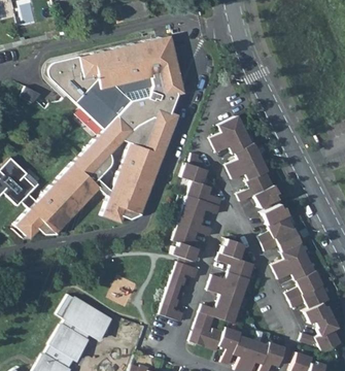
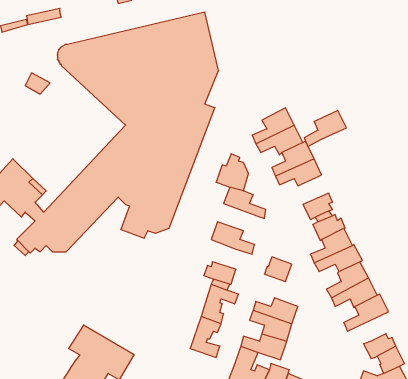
building: [238,171,273,201] -> [304,110,346,146]
building: [181,194,220,216] -> none
building: [170,224,207,251] -> none
building: [218,252,253,279] -> none
building: [289,284,329,308] -> none

